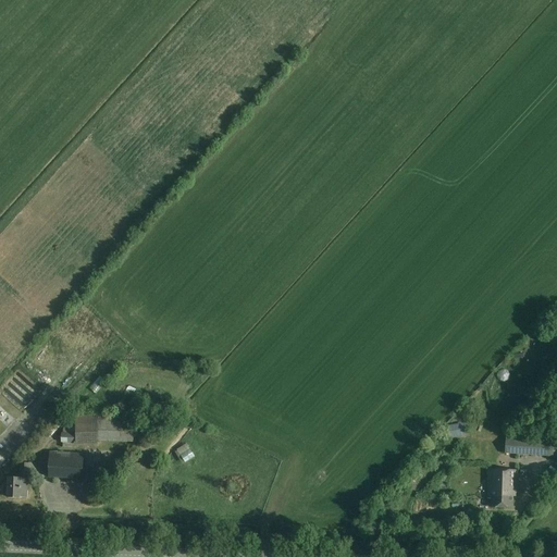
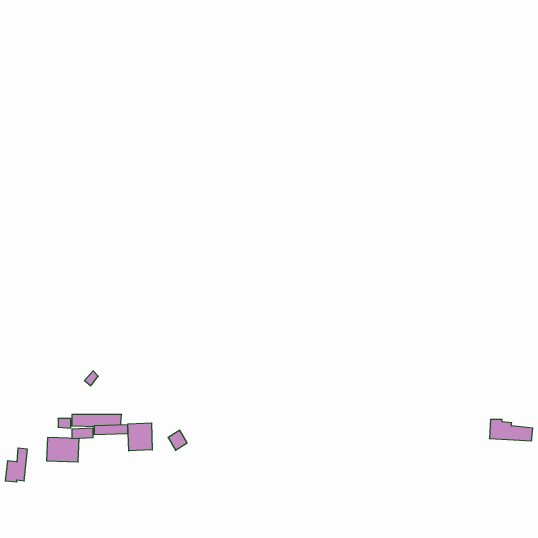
building: none -> [128,423,152,451]
building: [486,467,516,505] -> none

